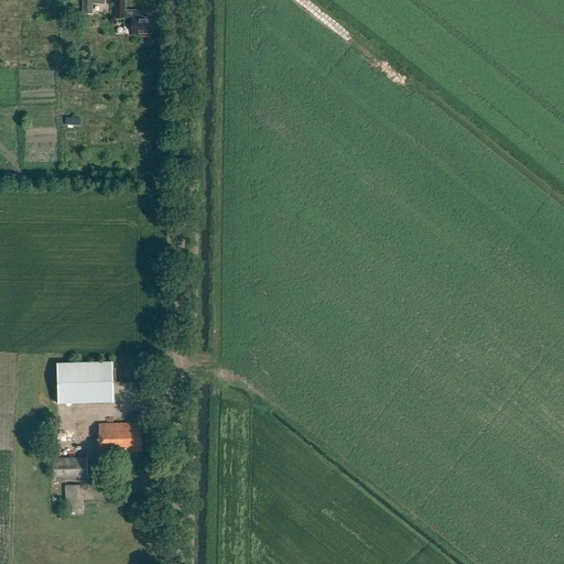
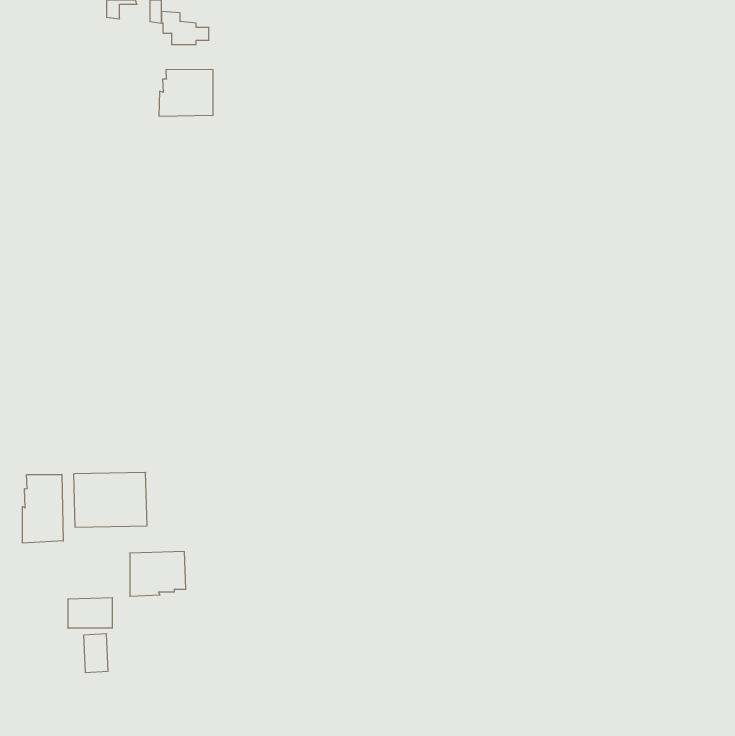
building: none -> [159,69,213,116]
building: none -> [22,474,63,543]

